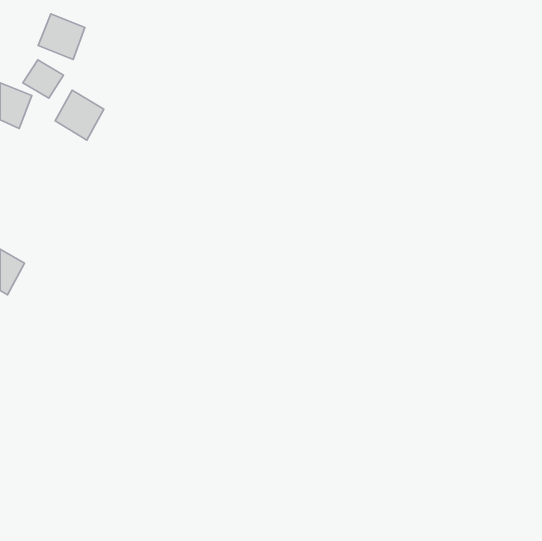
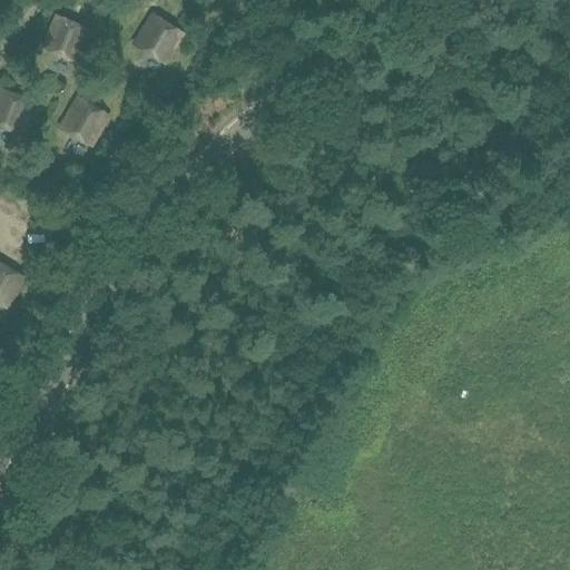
building: none -> [131,13,184,63]
building: [23,60,64,98] -> none

